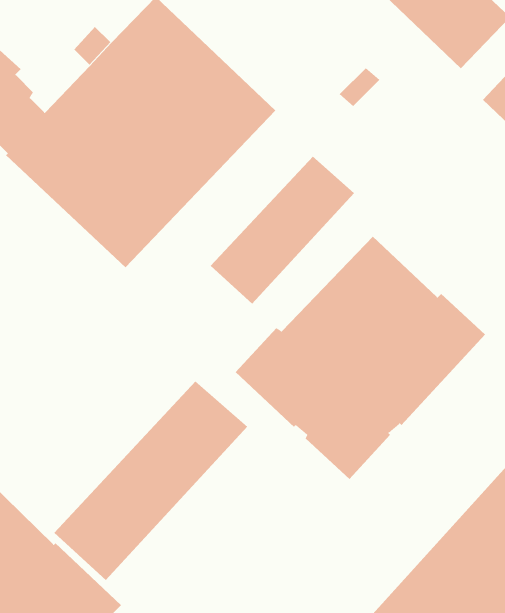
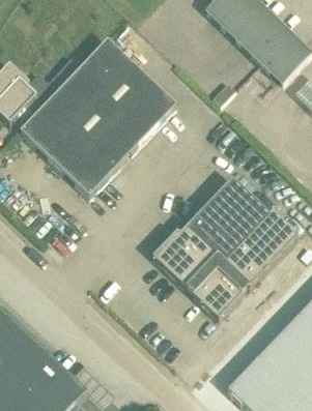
building: [210,156,355,304] -> none
building: [53,381,248,581] -> none

